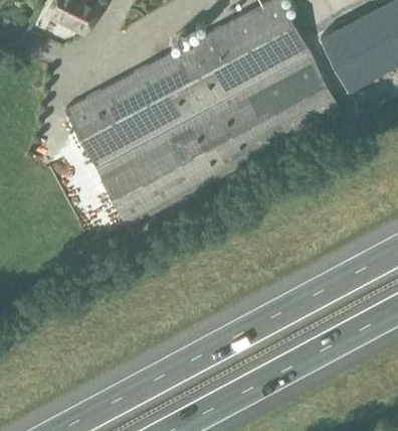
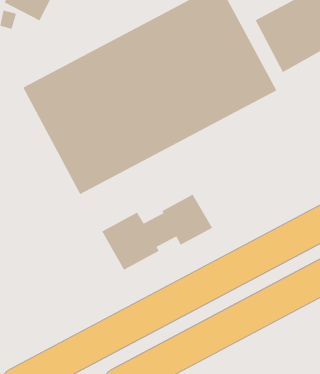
building: none -> [101,194,213,271]

